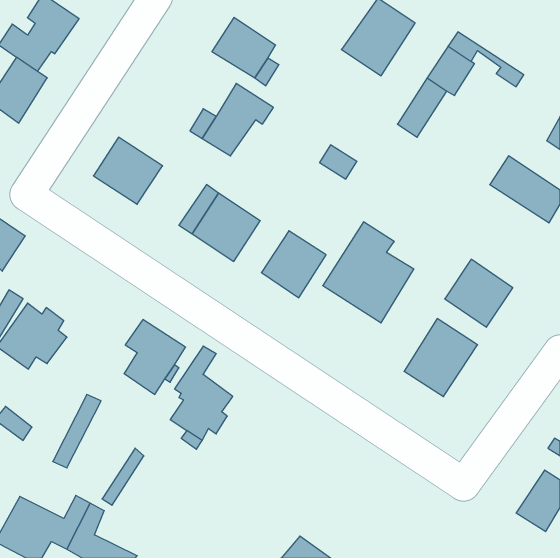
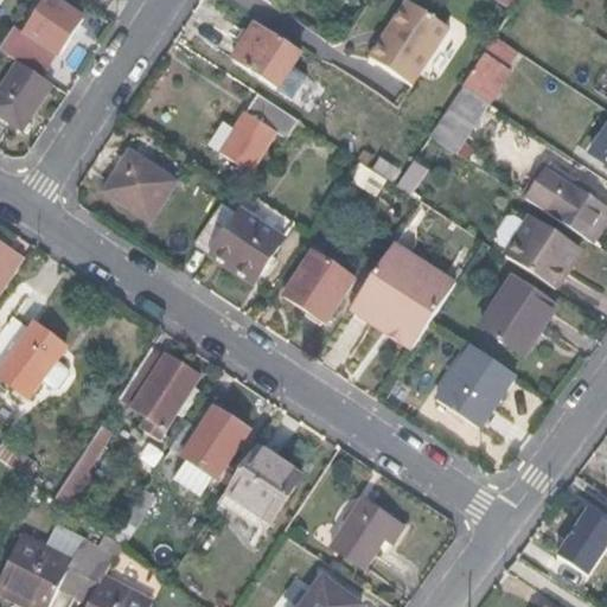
building: none -> [507,217,579,286]
building: none -> [226,446,300,519]
building: none -> [331,498,407,566]

